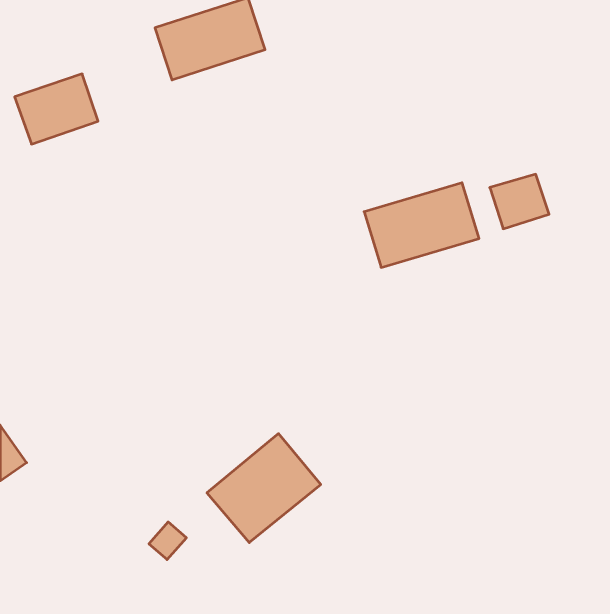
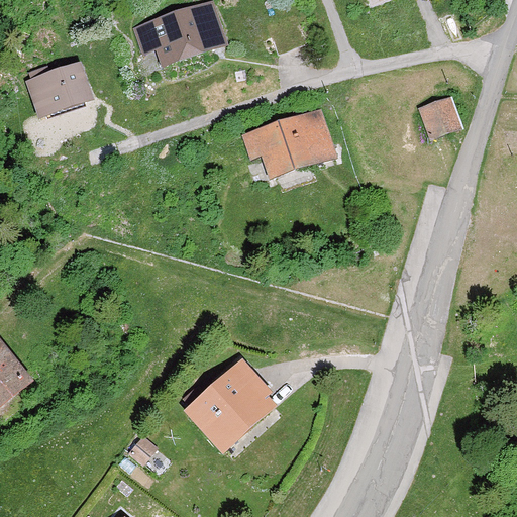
building: [490,174,549,229] -> [419,96,469,141]
building: [364,183,479,267] -> [244,107,340,178]

